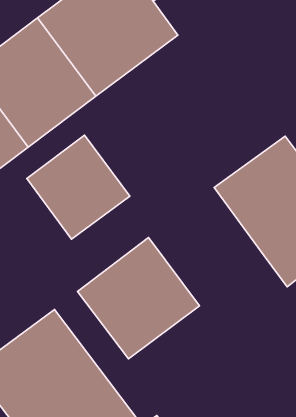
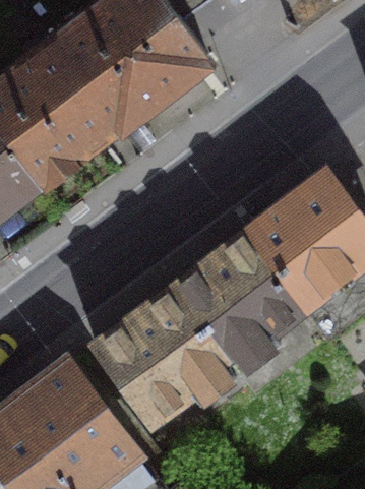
building: [27,135,130,239] -> none
building: none -> [173,229,302,361]

